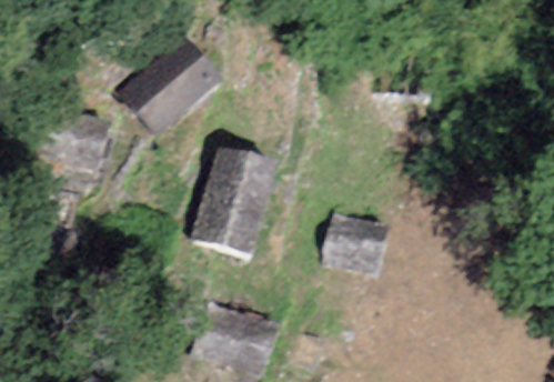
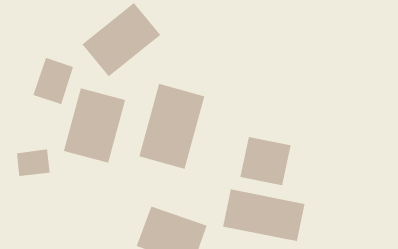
building: none -> [63,87,126,164]
building: none -> [223,189,305,242]

